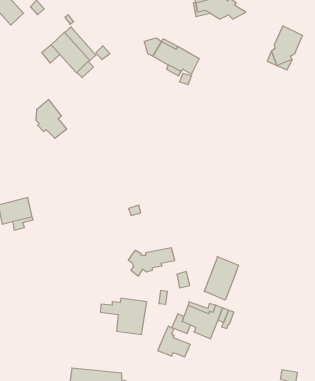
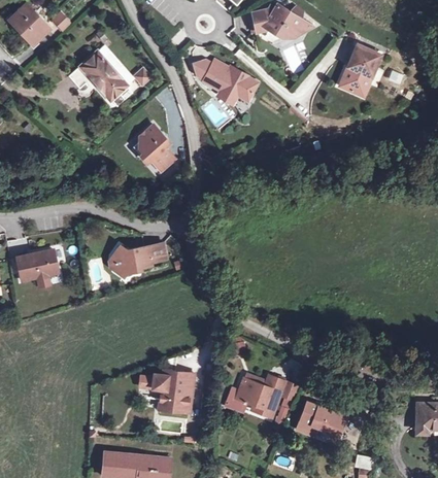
building: [36,99,67,138] -> [137,124,174,170]
building: [128,248,175,276] -> [110,242,166,276]
building: [204,257,239,300] -> none
building: none -> [296,402,345,435]
building: [158,326,190,357] -> none

